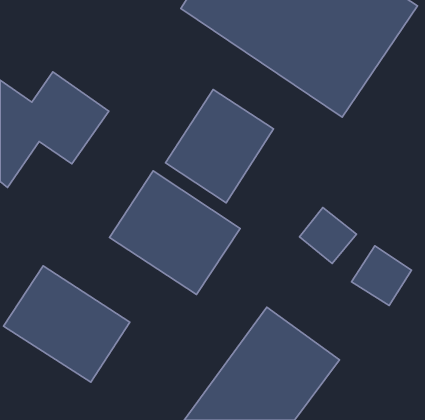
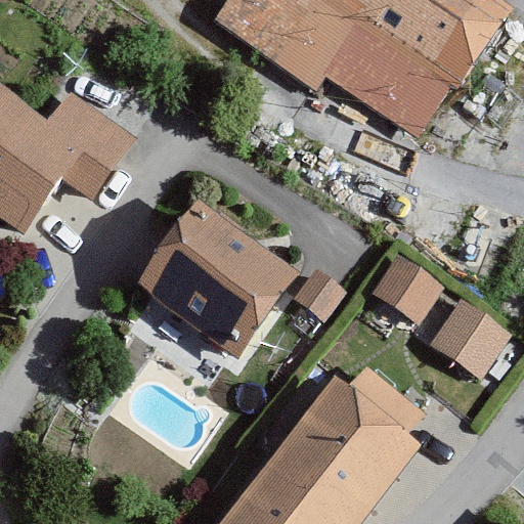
building: [165,90,274,203] -> none
building: [4,266,130,382] -> none

